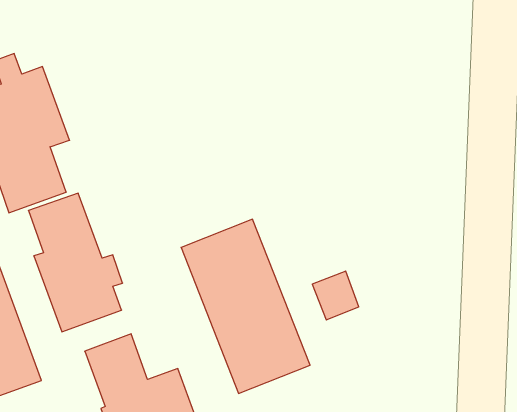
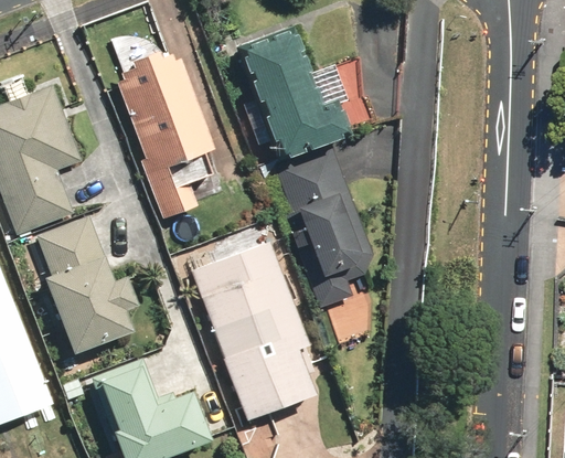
building: none -> [236,25,350,161]
building: none -> [113,50,212,217]
building: none -> [278,158,370,290]

